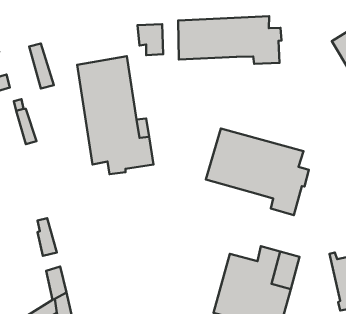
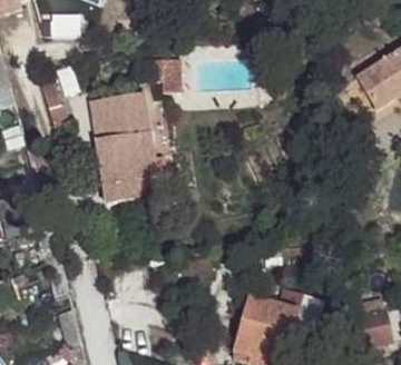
building: [178,16,281,64] -> none
building: [206,129,309,215] -> none

